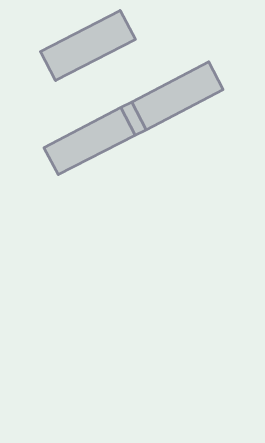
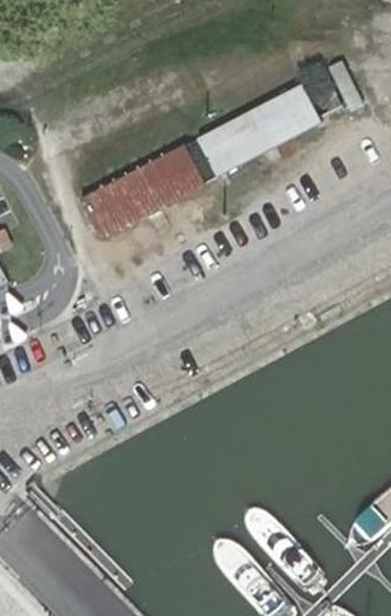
building: [40,10,135,81] -> none

